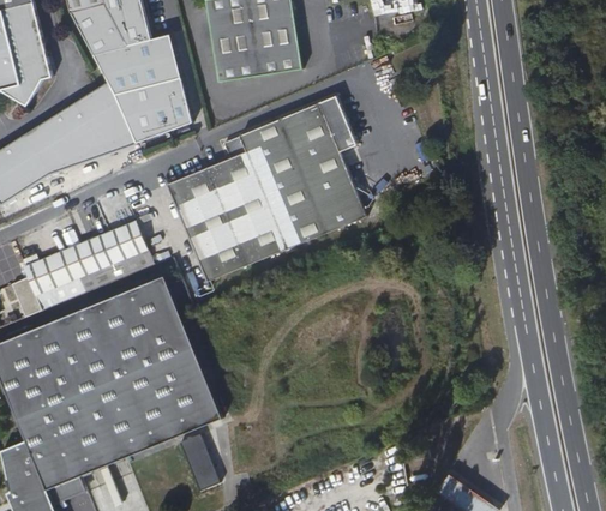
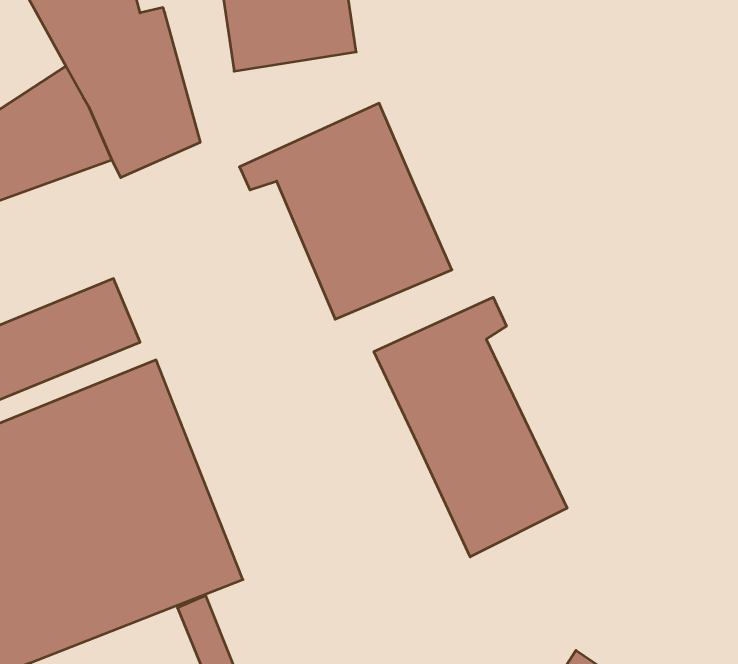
building: [316,94,355,152] -> none
building: [164,155,286,282] -> none
building: none -> [374,297,567,557]

